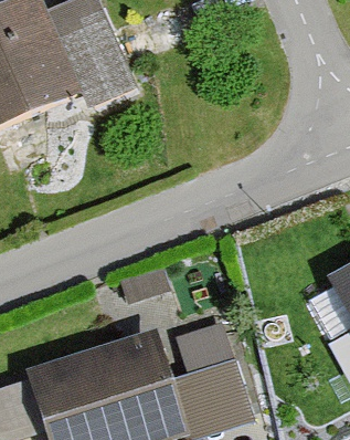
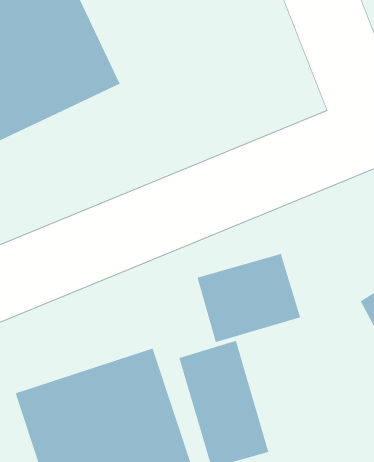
building: none -> [197,253,301,343]

